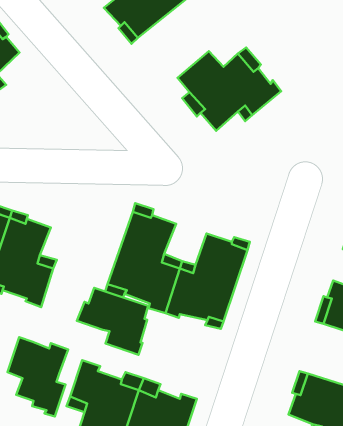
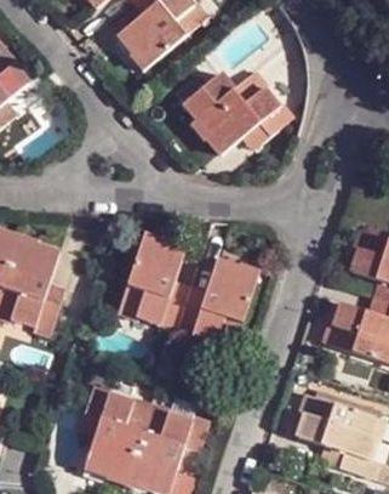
building: [77,288,148,355] -> none
building: [7,337,68,416] -> none

